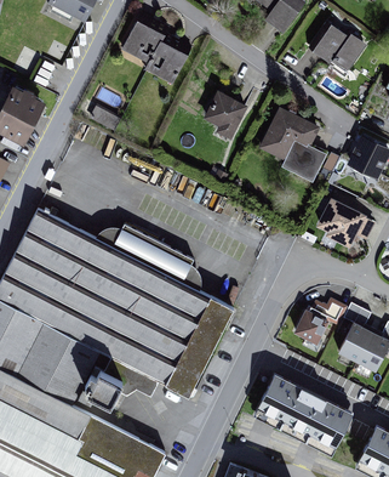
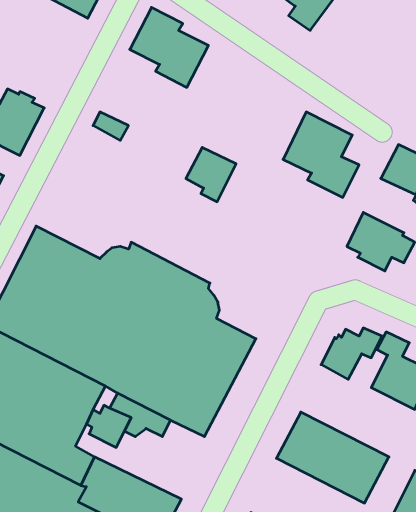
building: [311,23,366,70] -> none
building: [202,90,247,138] -> [186,147,236,202]

